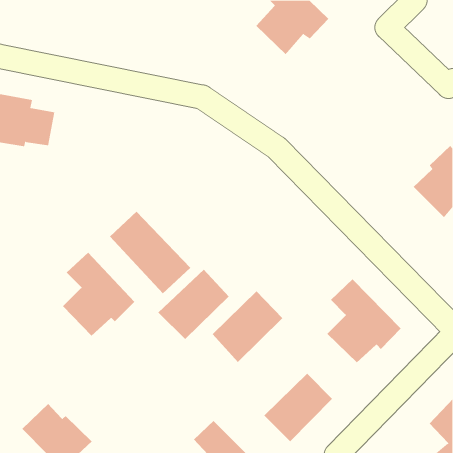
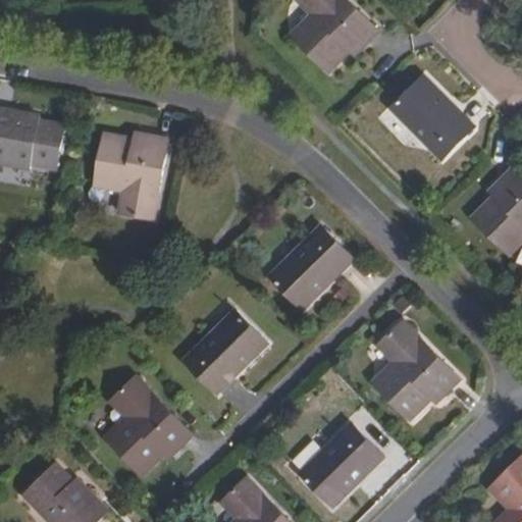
building: none -> [392,72,475,157]
building: none -> [96,134,170,219]
building: [109,211,191,294] -> none
building: [62,252,135,336] -> [103,378,187,475]
building: [212,291,283,363] -> [269,226,351,309]

